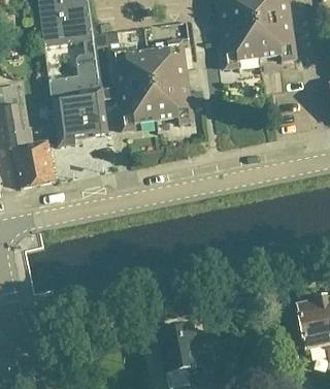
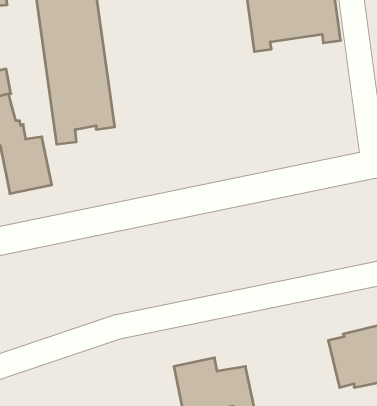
building: [110,38,193,129] -> none

